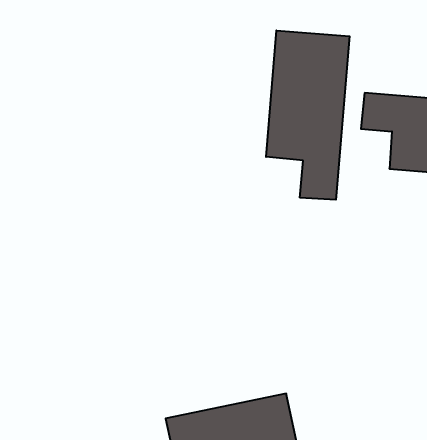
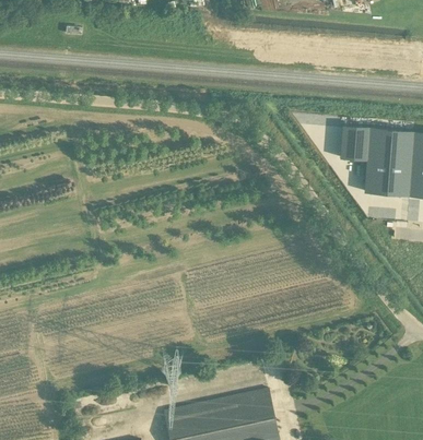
building: [266,30,350,200] -> none

